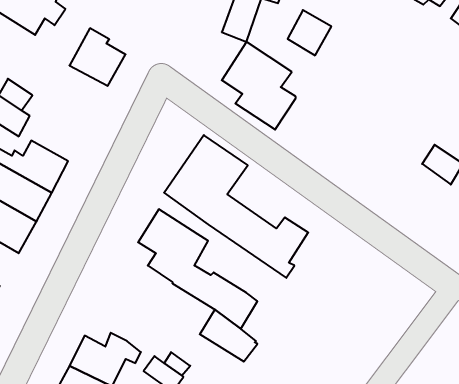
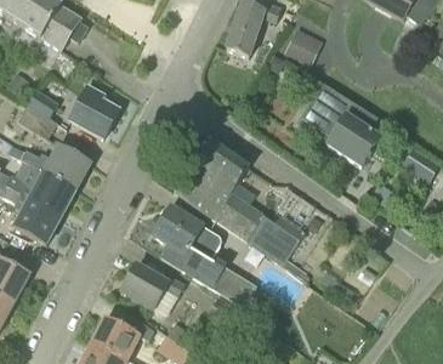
building: [69,28,126,86] -> [69,86,119,137]
building: [222,42,296,130] -> [314,89,380,166]
building: none -> [120,263,184,314]

